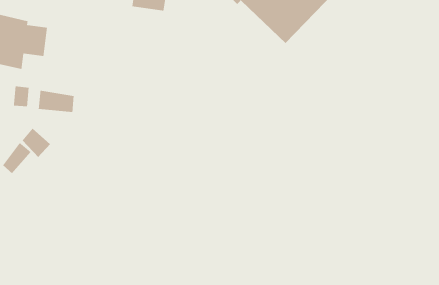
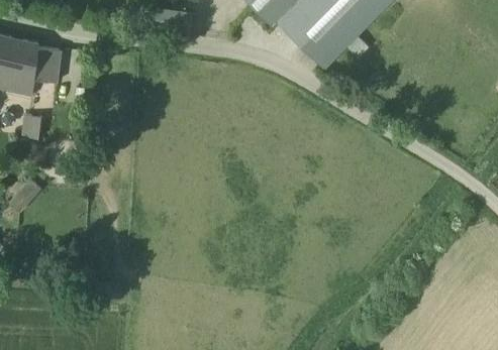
building: [38,90,74,113] -> none
building: [22,128,51,158] -> none

